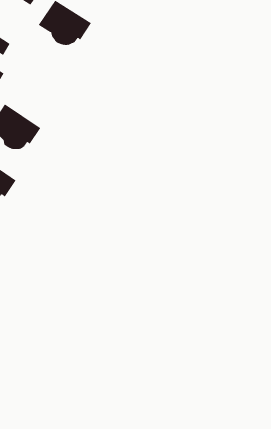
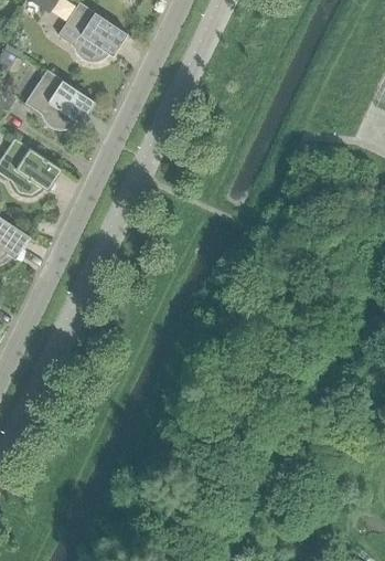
building: none -> [24,68,94,128]

